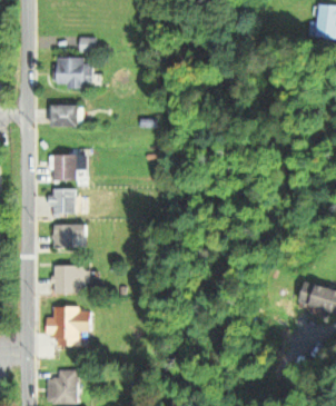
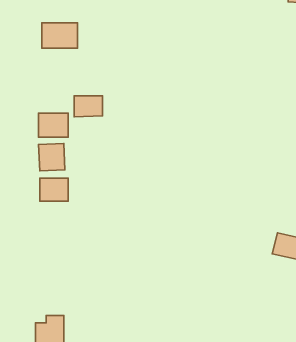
building: [50,105,80,127] -> [74,96,103,117]
building: [52,266,96,293] -> none
building: [52,306,92,338] -> none

